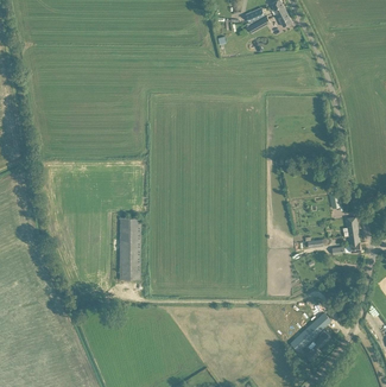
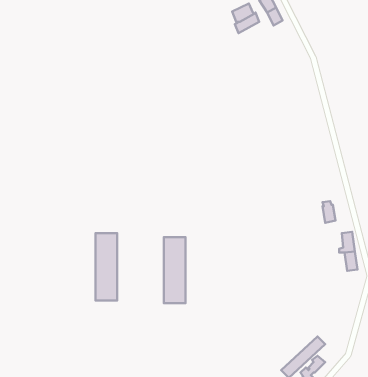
building: none -> [164,237,186,303]

